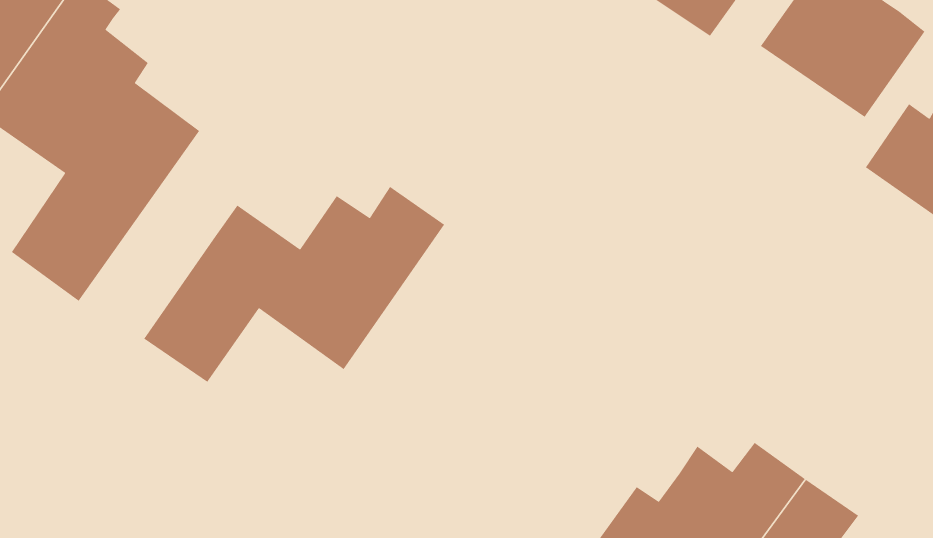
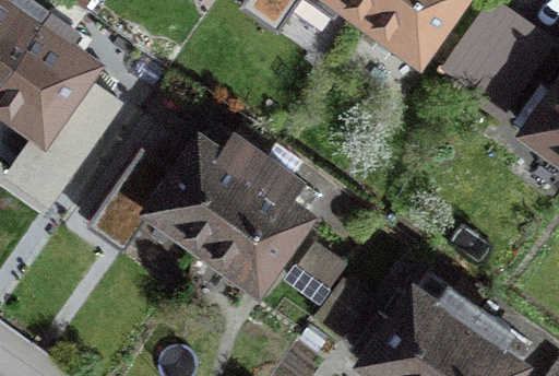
building: none -> [205,164,305,286]

